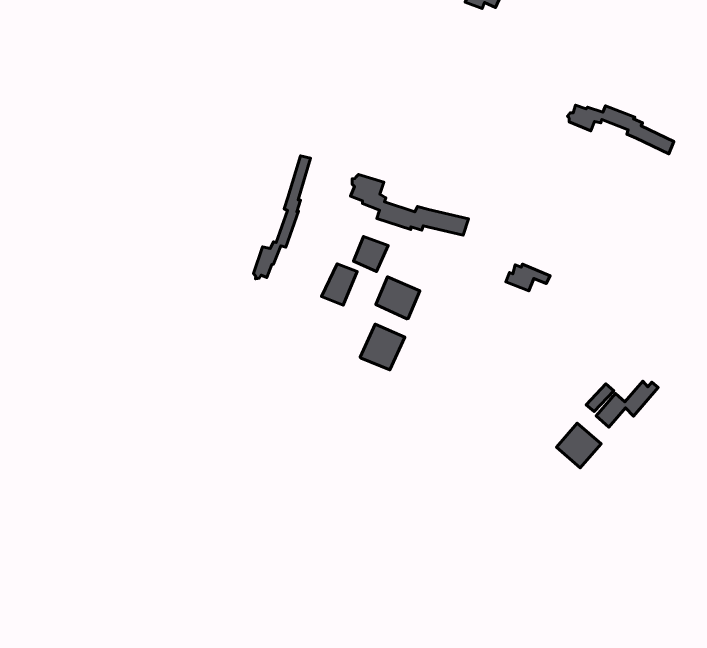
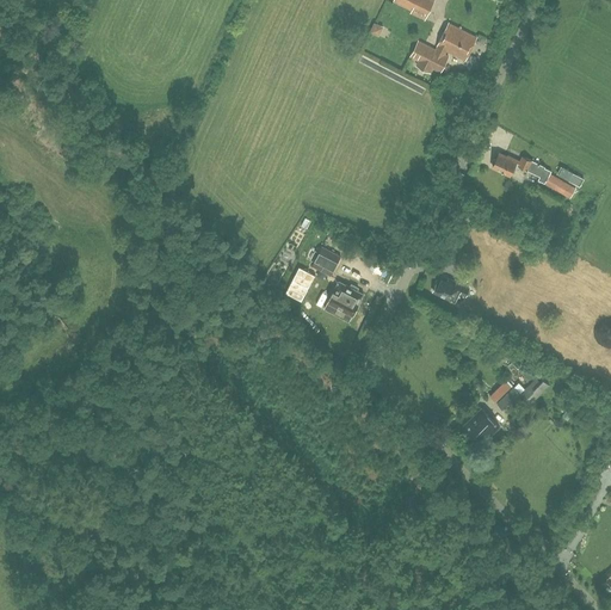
building: [254,156,310,279] -> none
building: [351,174,469,235] -> none
building: [360,324,405,370] -> none

